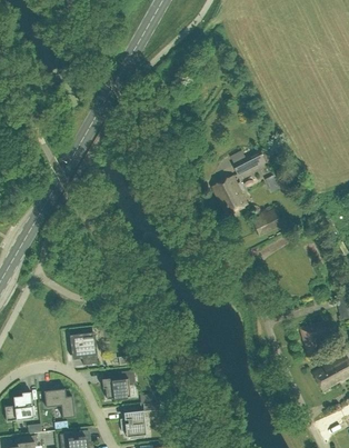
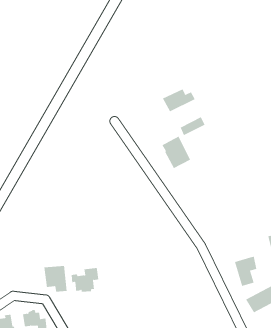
building: none -> [162,88,196,112]
building: [251,208,283,237] -> none
building: [101,370,136,400] -> [71,267,99,292]

